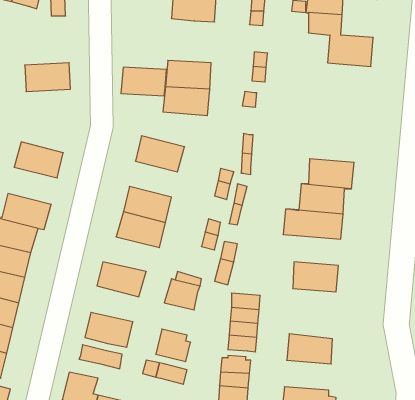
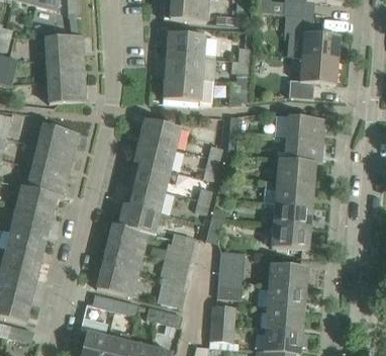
building: none -> [44,34,83,59]
building: none -> [288,57,336,99]
building: [121,67,167,96] -> [166,32,204,57]
building: none -> [46,79,85,103]
building: none -> [285,115,324,141]
building: none -> [133,140,174,170]
building: none -> [31,145,73,176]
building: none -> [272,202,311,228]
building: none -> [111,203,159,235]
building: none -> [101,245,141,275]
building: none -> [159,259,188,286]
building: none -> [268,263,306,289]
building: none -> [264,307,303,333]

